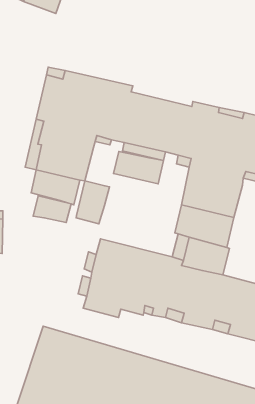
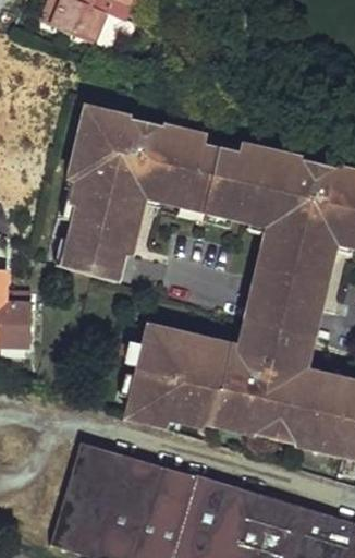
building: [114,152,164,184] -> none
building: [76,181,109,224] -> none
building: [33,196,71,223] -> none

